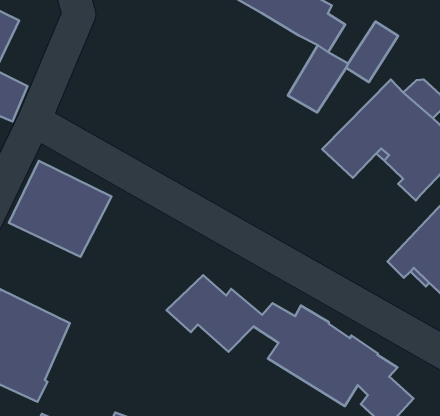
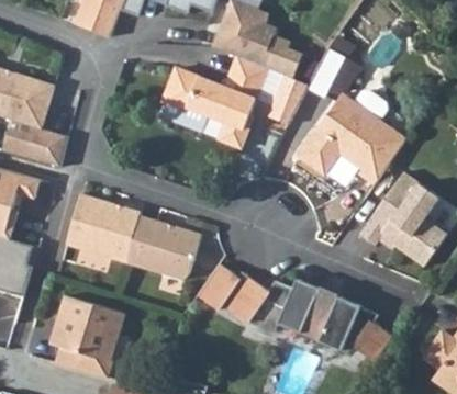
building: none -> [161,57,267,148]
building: none -> [123,216,201,281]

